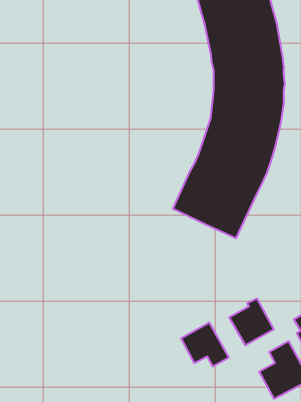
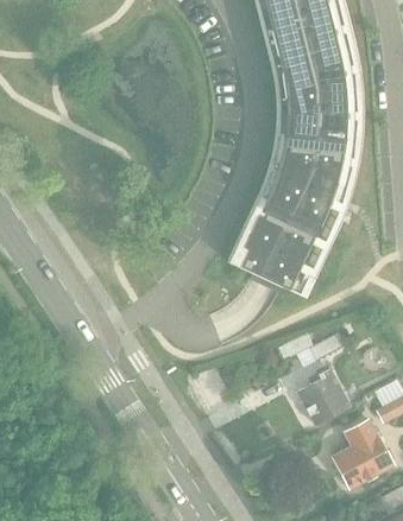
building: [181,322,229,366] -> none

